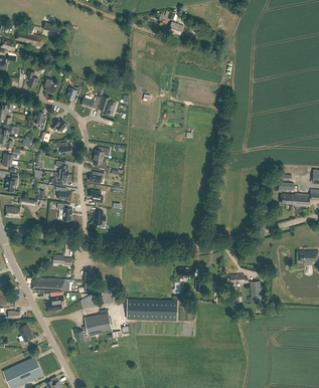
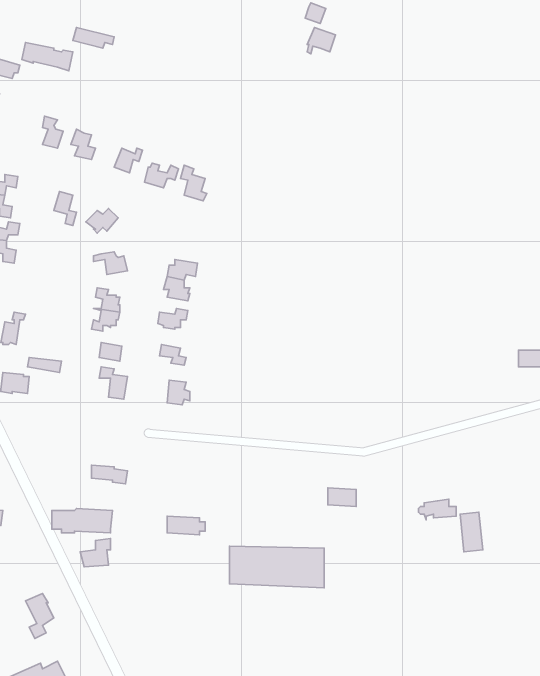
building: [74,312,113,340] -> none

